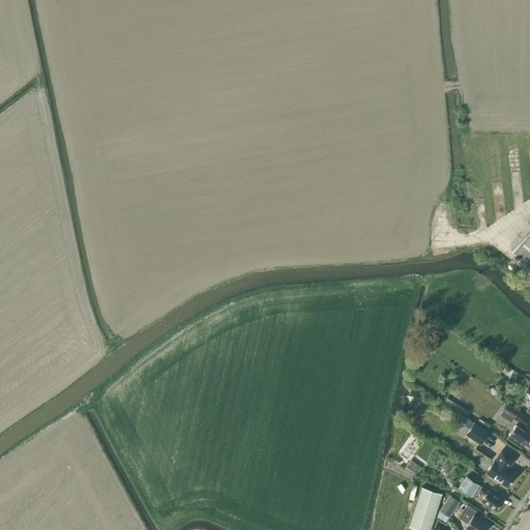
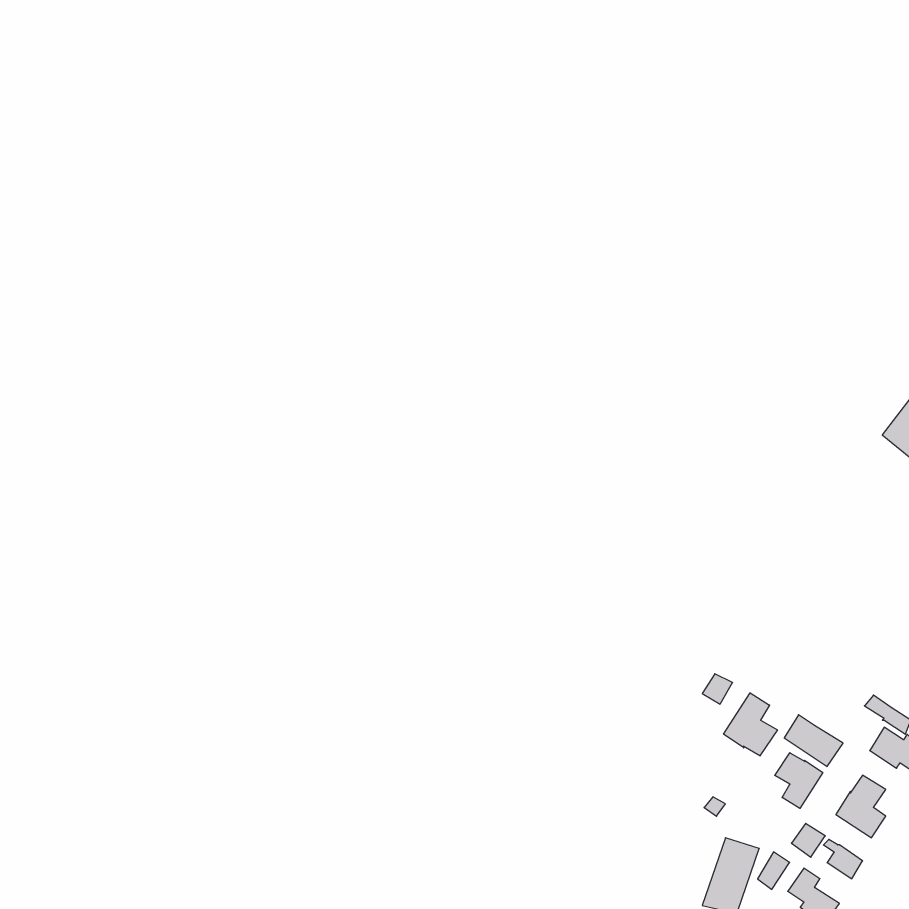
building: none -> [724,693,777,756]
building: none -> [775,753,823,808]

